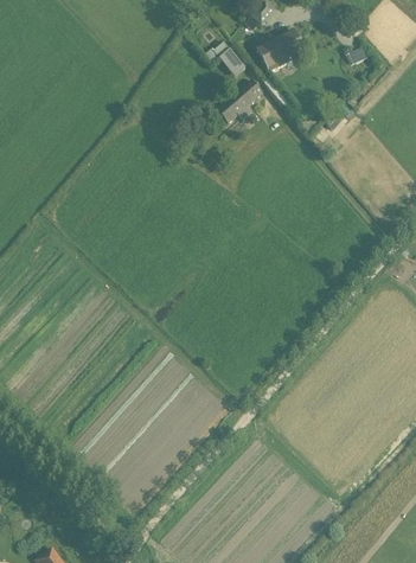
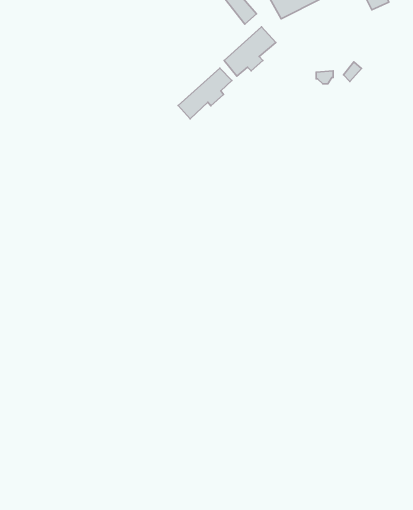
building: none -> [178,68,232,119]

